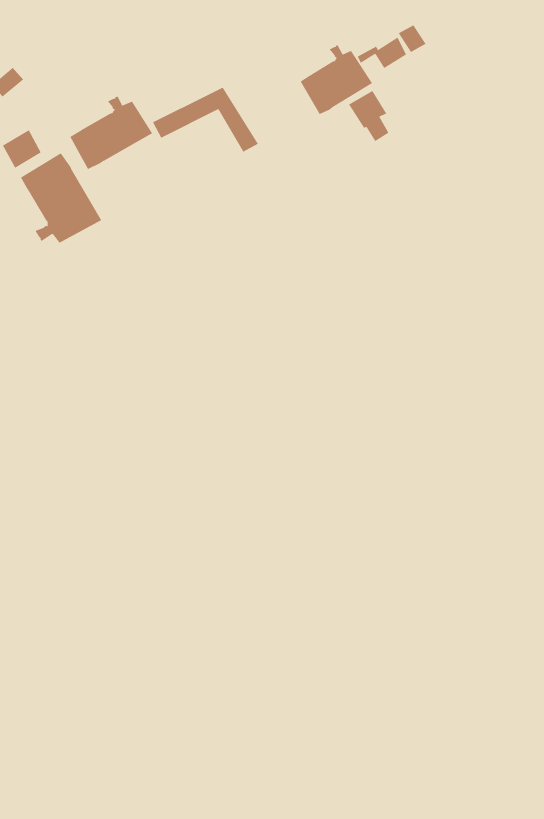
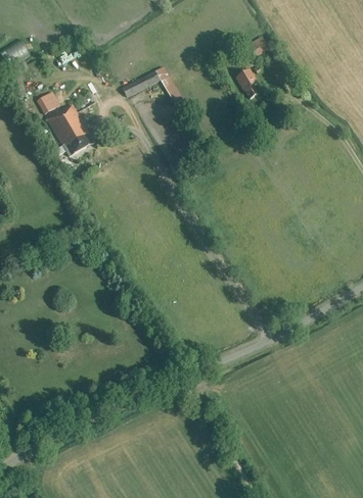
building: [300,44,373,115] -> none
building: [69,96,153,170] -> none

